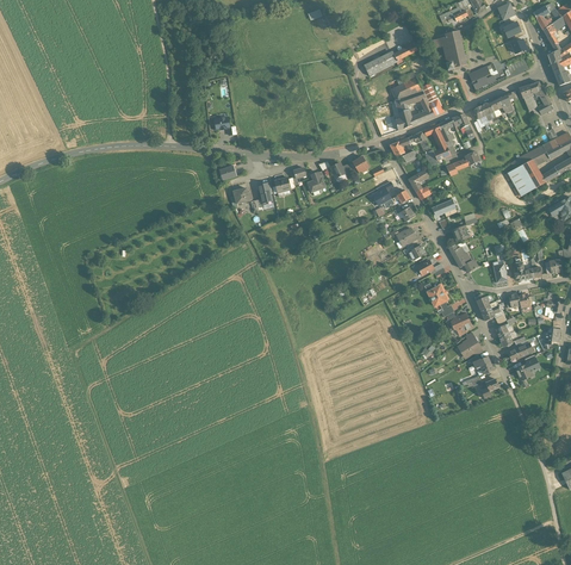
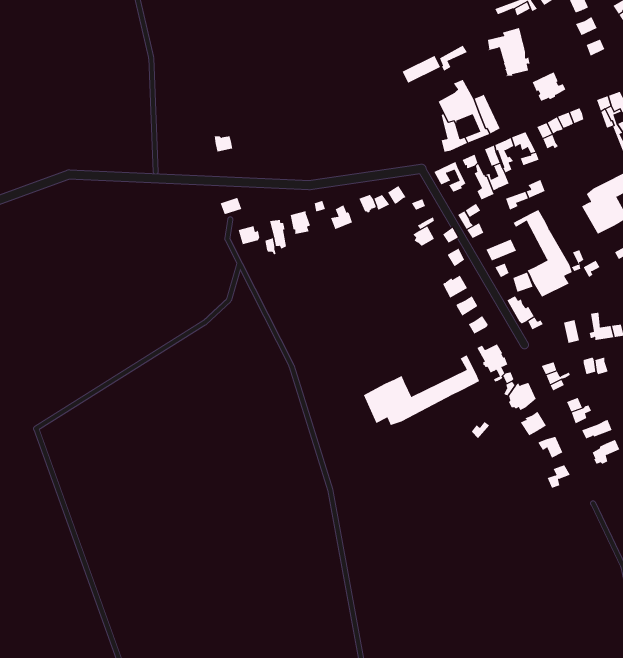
building: none -> [513,209,572,298]
building: none -> [363,354,480,426]

